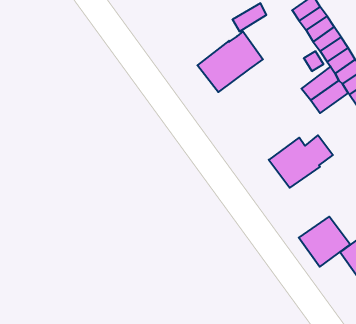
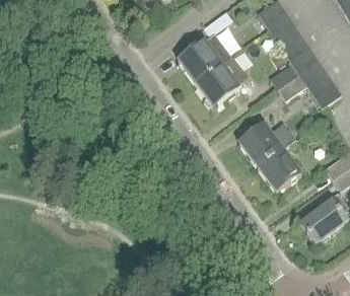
building: none -> [193,53,246,104]
building: [299,217,350,267] -> [255,146,299,190]

